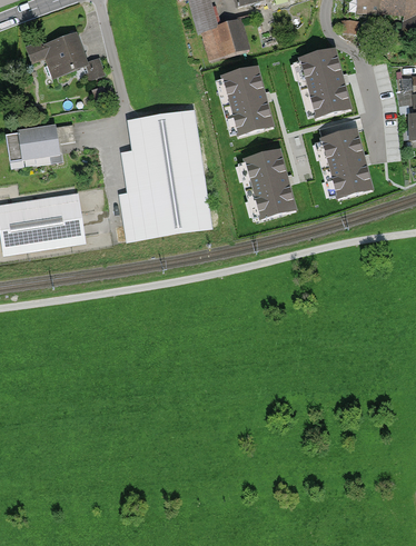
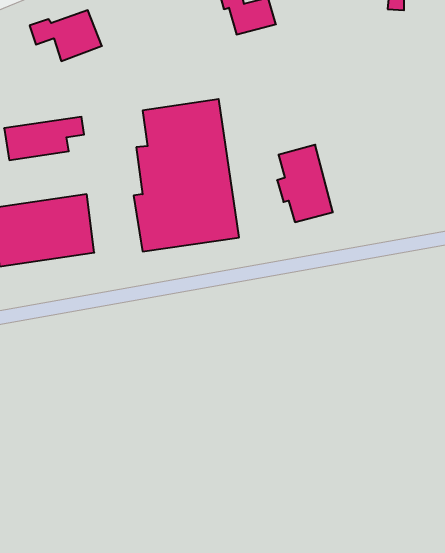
building: [299,48,348,116] -> none
building: [222,66,271,133] -> none
building: [321,128,372,197] -> none

